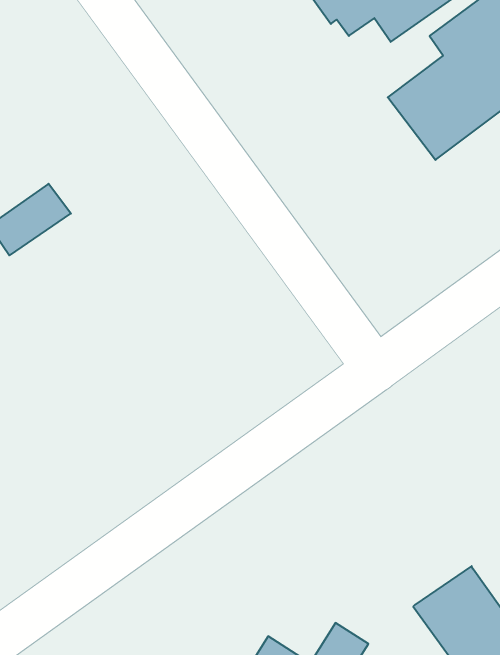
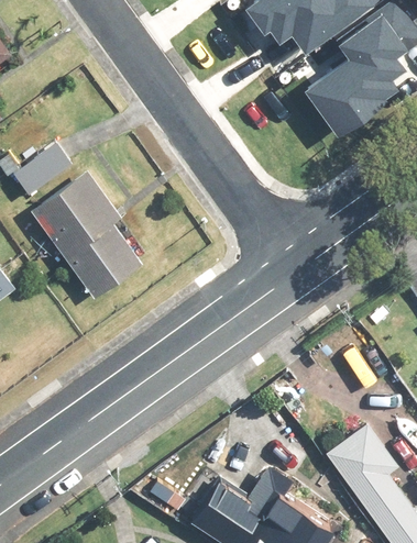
building: none -> [31,171,142,300]

